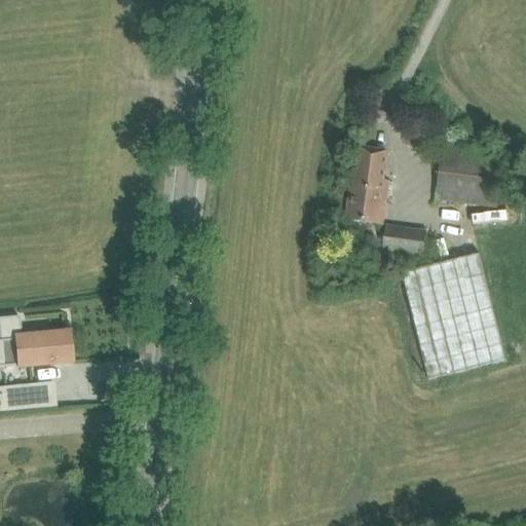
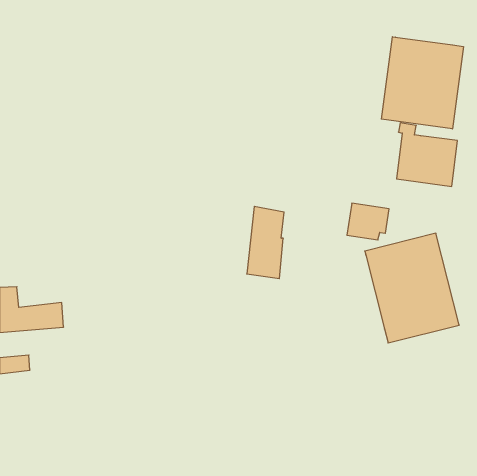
building: none -> [381,37,463,129]
building: [346,144,387,223] -> [247,206,284,279]

